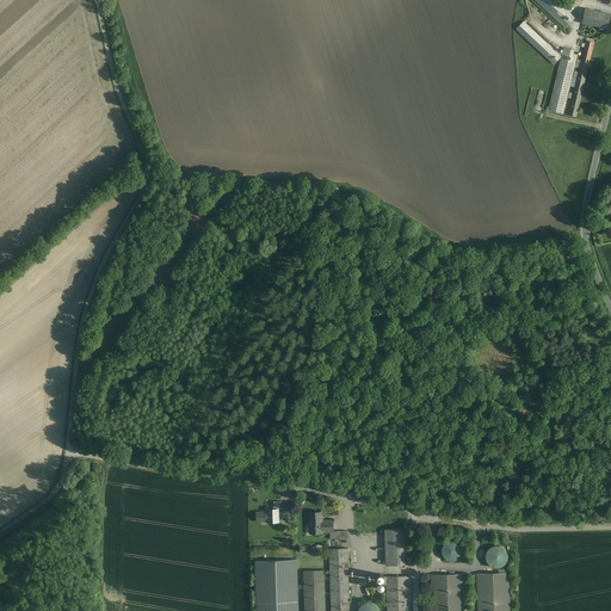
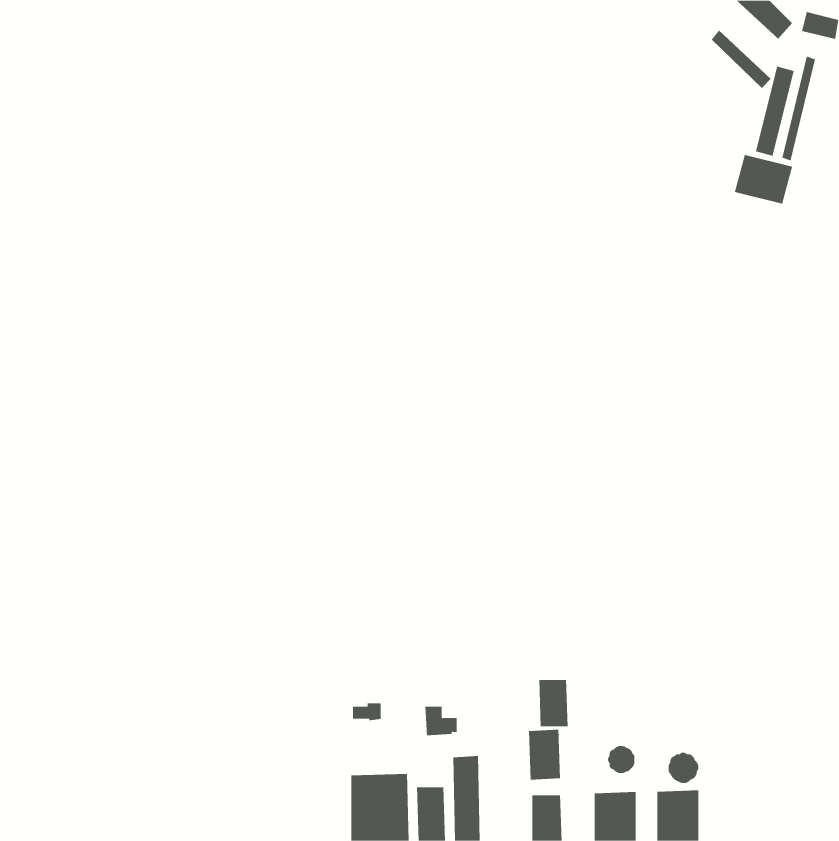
building: none -> [734,154,793,204]
building: none -> [539,679,568,727]

